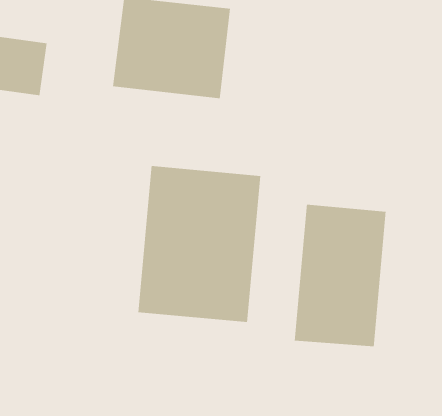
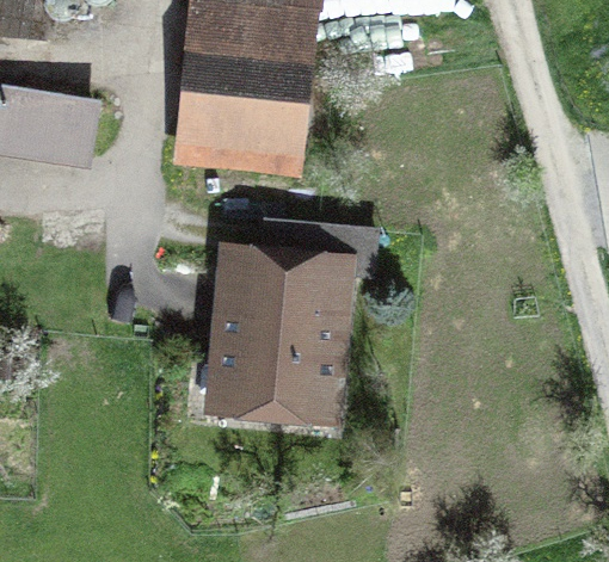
building: [294,204,386,347] -> none

